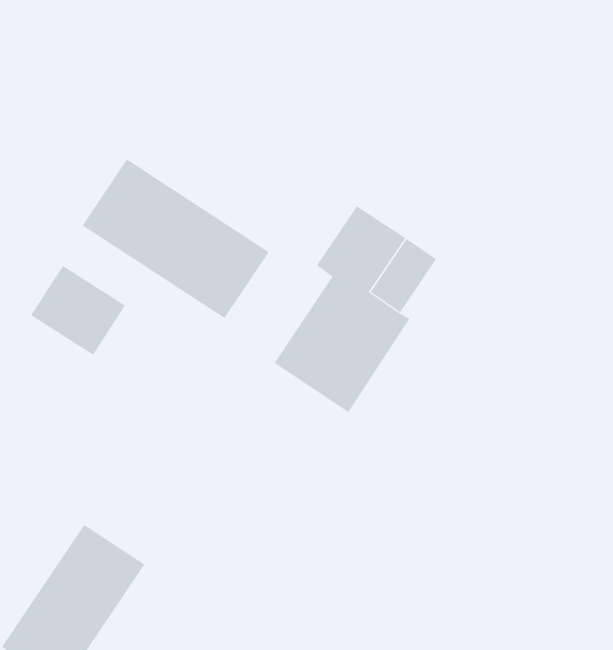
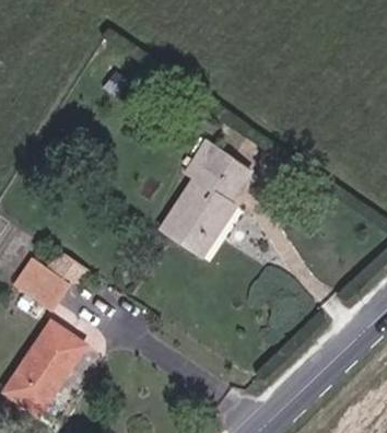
building: [82,159,270,319] -> none
building: [30,265,126,355] -> [14,259,69,311]

